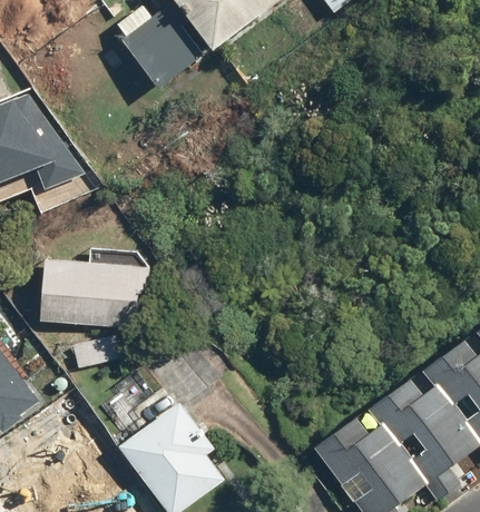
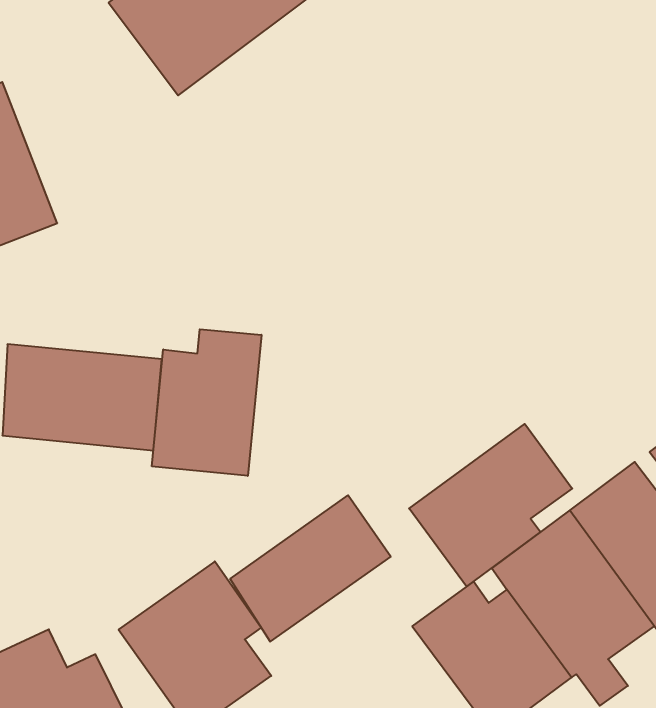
building: none -> [152,329,261,476]
building: none -> [409,424,572,587]
building: none -> [230,495,391,642]

